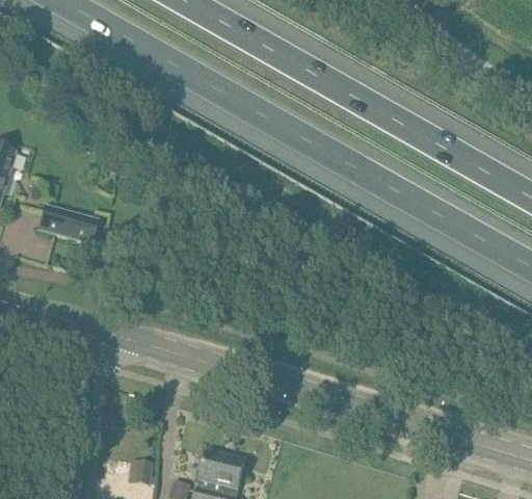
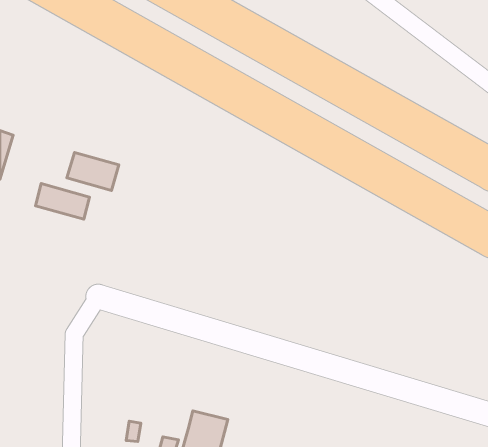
building: none -> [67,152,119,190]

